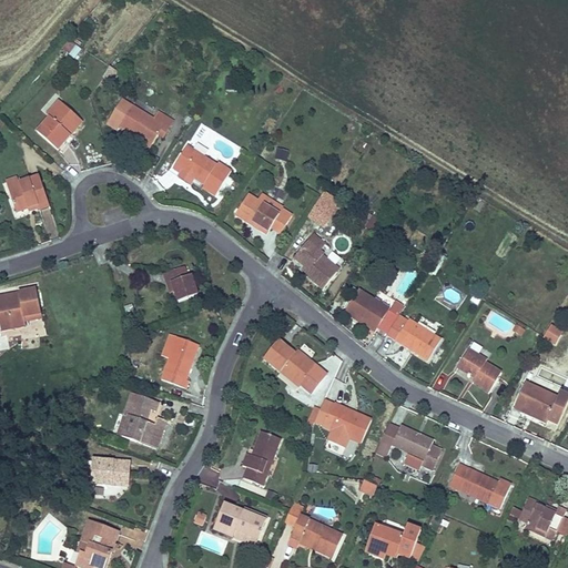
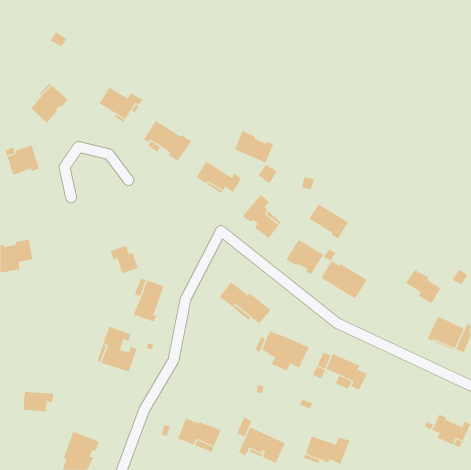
building: none -> [234,130,274,163]
building: none -> [309,204,349,240]
building: [163,265,197,300] -> [110,245,139,274]
building: [457,348,500,390] -> [405,269,441,304]
building: [242,430,280,484] -> none
building: [92,459,129,484] -> [23,392,54,412]
building: [449,464,510,507] -> none

